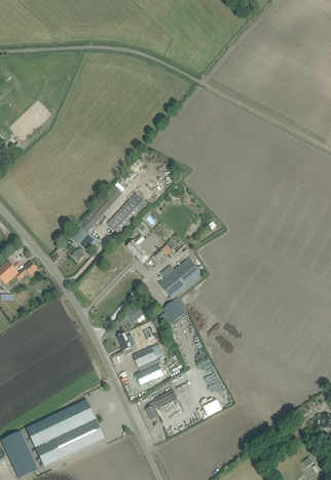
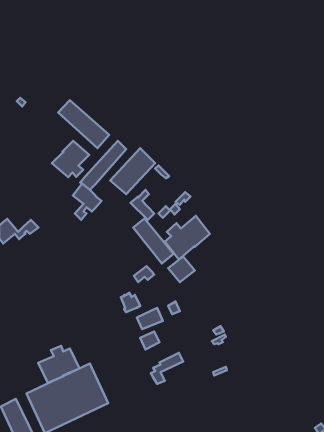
building: none -> [58,100,109,148]
building: none -> [52,141,89,177]
building: none -> [133,219,174,263]
building: none -> [38,346,80,383]

